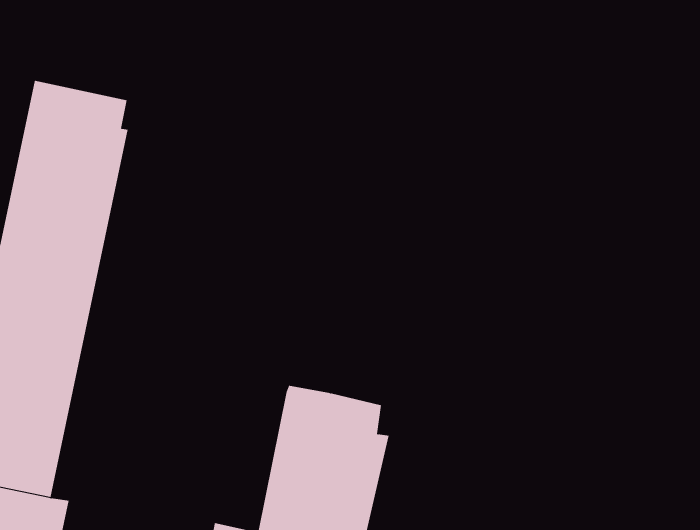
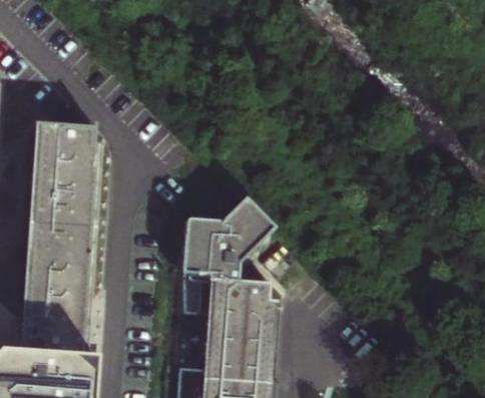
building: none -> [182,201,275,313]

